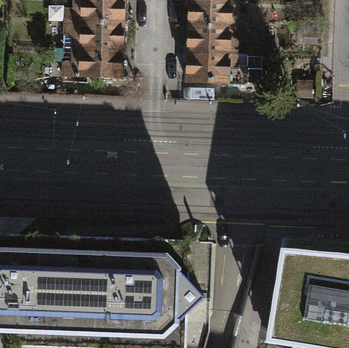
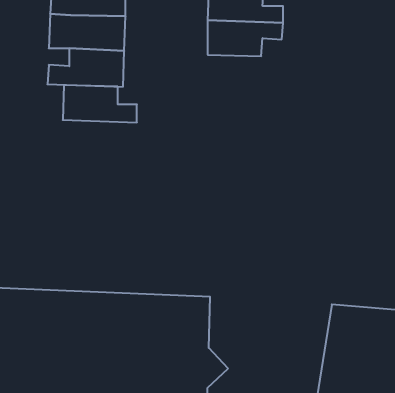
building: [188,56,246,85] -> [63,85,137,122]

